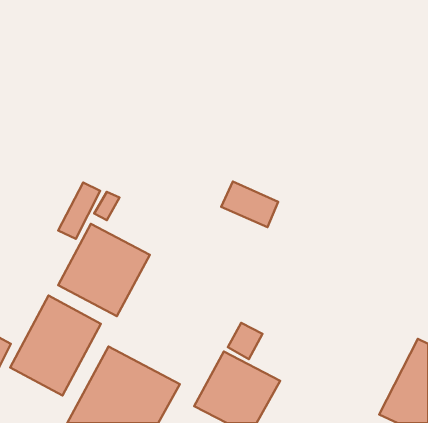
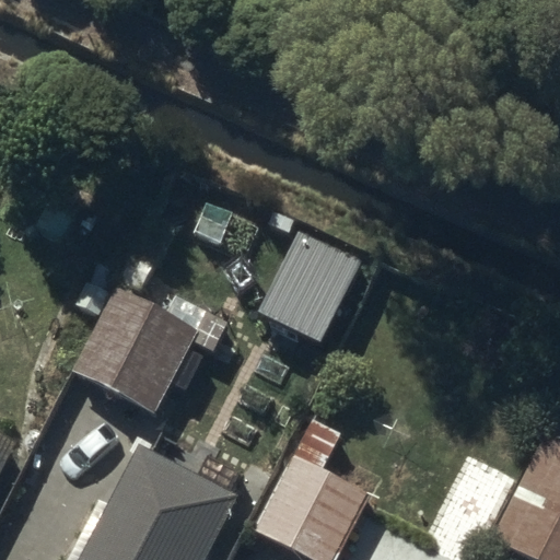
building: [10,296,101,396] -> none

